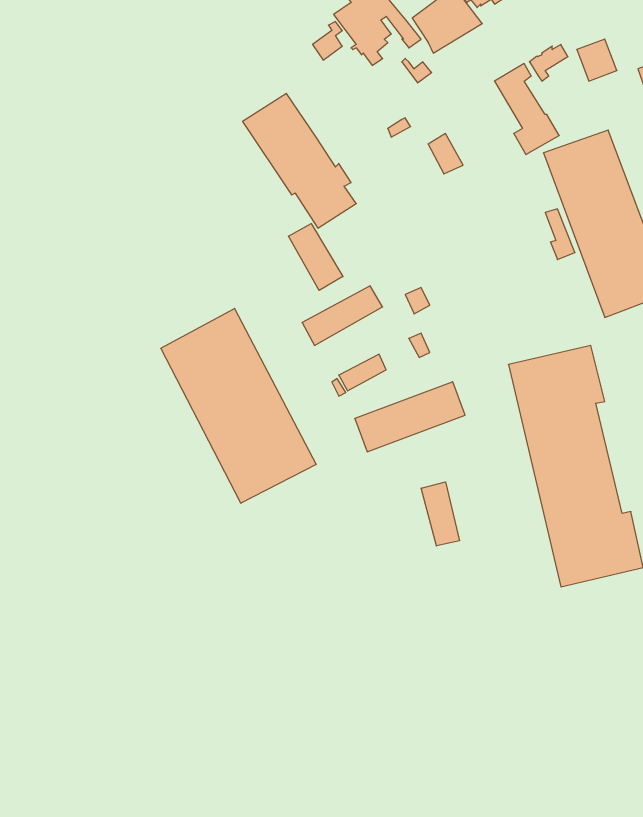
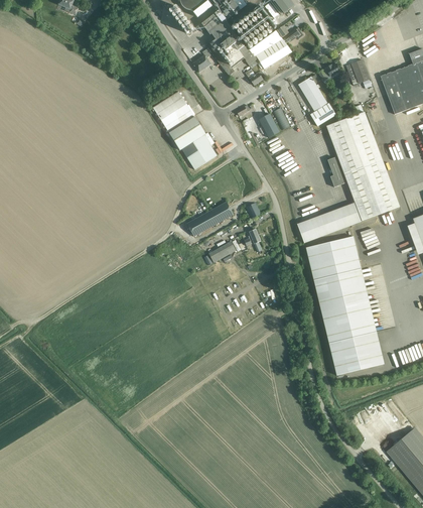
building: [288,224,343,290] -> none
building: [161,308,316,503] -> none
building: [355,382,465,452] -> [297,202,361,242]
building: [421,482,459,546] -> none

